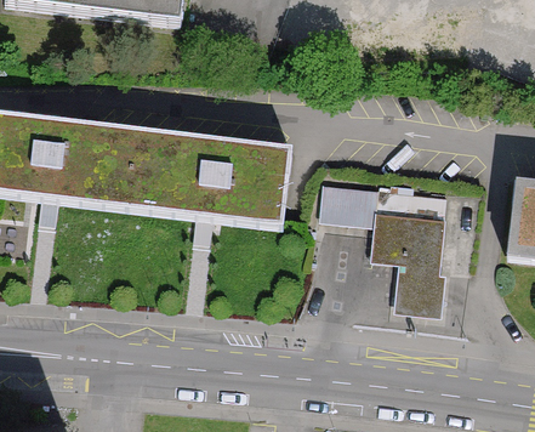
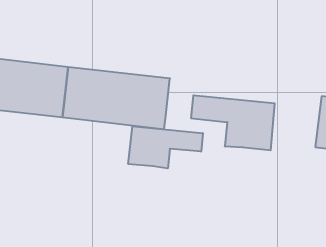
building: none -> [128,126,203,168]
building: [392,256,445,312] -> none

